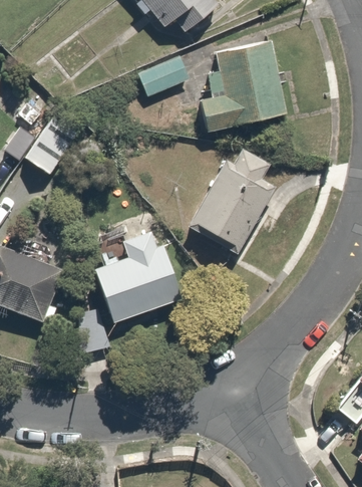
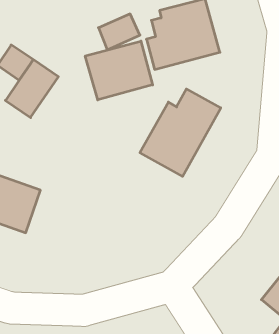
building: none -> [85,41,153,100]
building: [96,226,190,322] -> none

